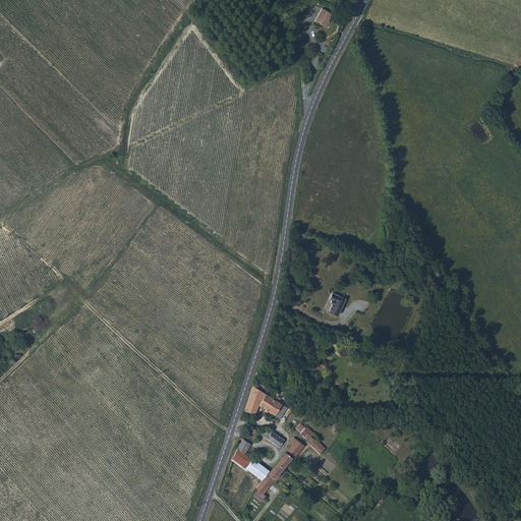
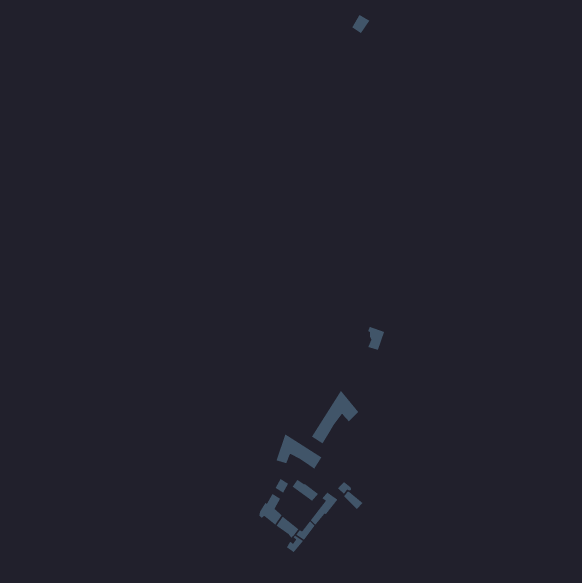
building: none -> [311,390,359,445]

